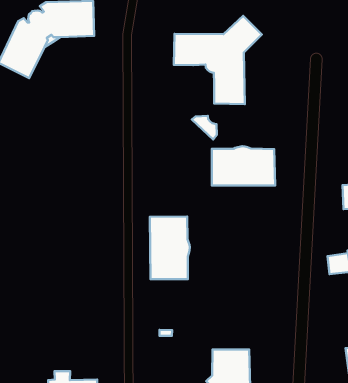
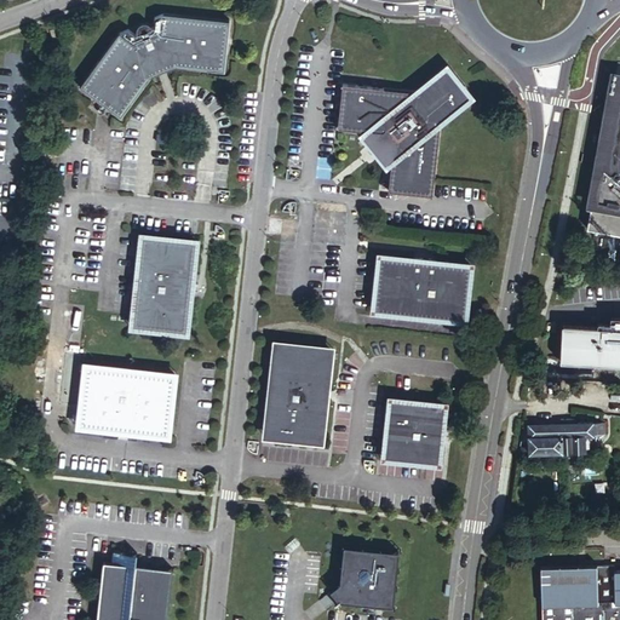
building: [192,116,217,140] -> [357,131,392,167]
building: none -> [131,237,195,334]
building: none -> [383,400,443,464]
building: none -> [78,367,174,437]

